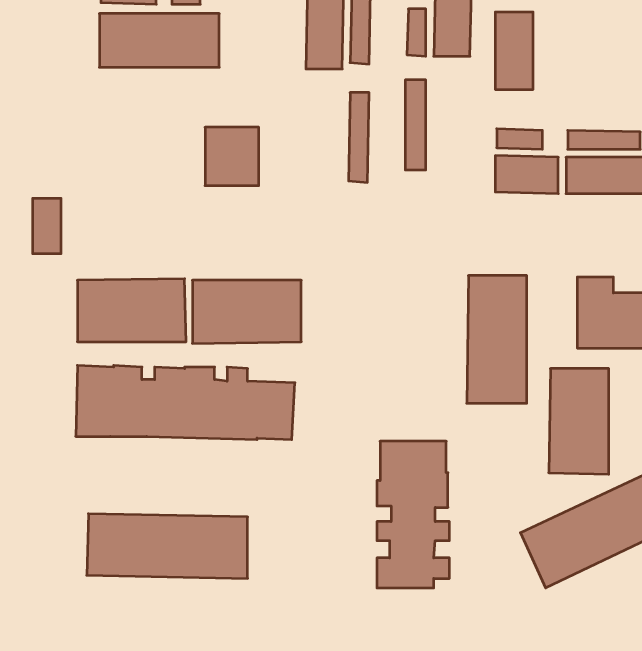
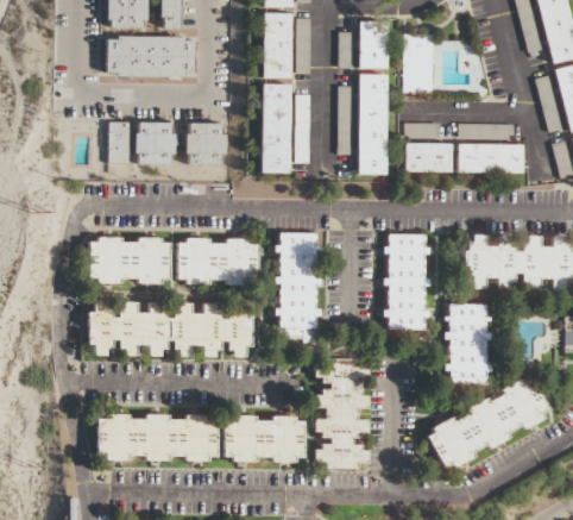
building: none -> [358,74,388,174]
building: none -> [262,83,290,173]
building: none -> [137,121,177,164]
building: [33,198,61,254] -> [109,121,131,163]
building: none -> [276,231,320,340]
building: none -> [225,414,306,462]

